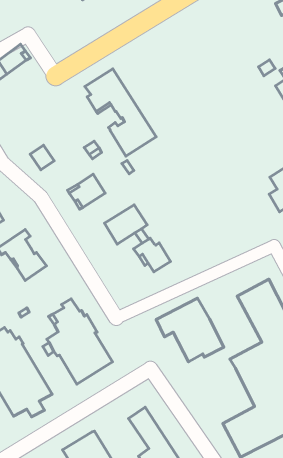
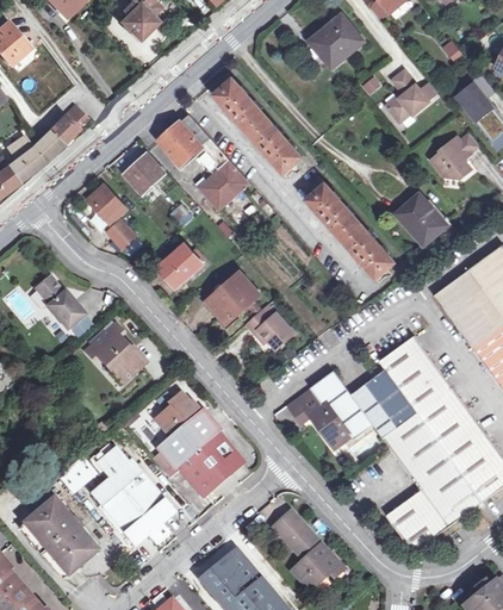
building: none -> [310,17,362,67]
building: none -> [213,79,303,175]
building: none -> [124,155,163,194]
building: none -> [88,185,125,225]
building: none -> [305,176,395,280]
building: none -> [350,369,417,438]

